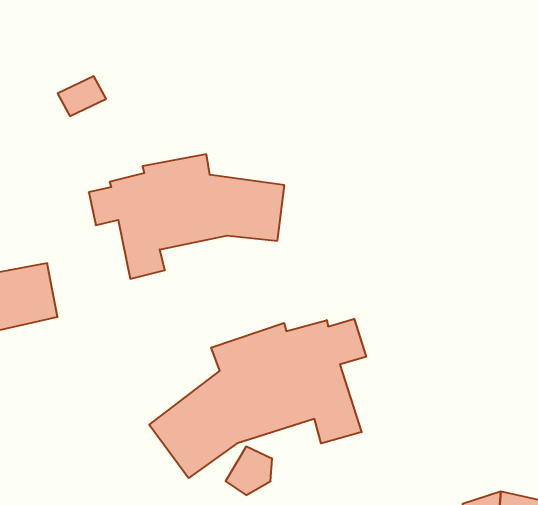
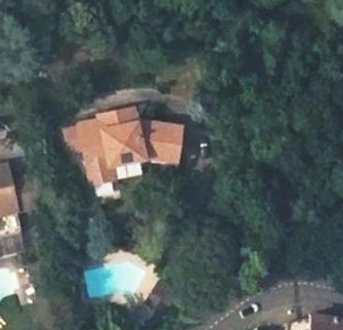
building: [149,319,366,478] -> none

